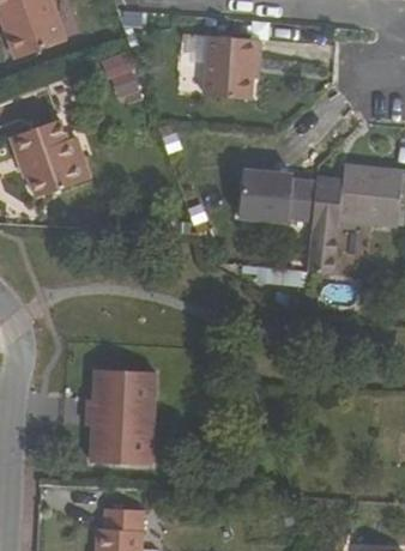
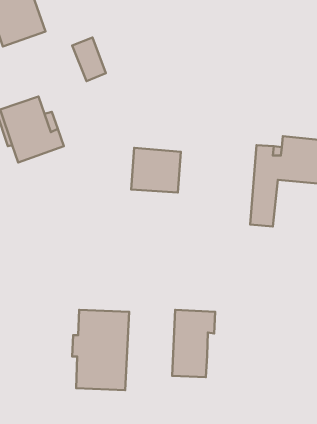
building: [200,35,256,99] -> none
building: [237,168,296,220] -> [131,148,181,192]
building: none -> [172,310,215,377]

